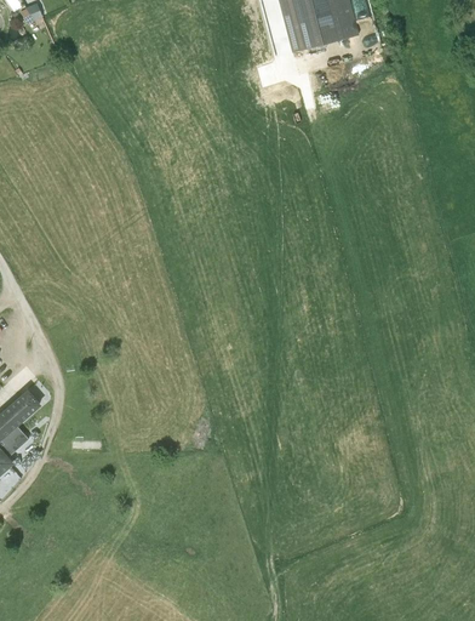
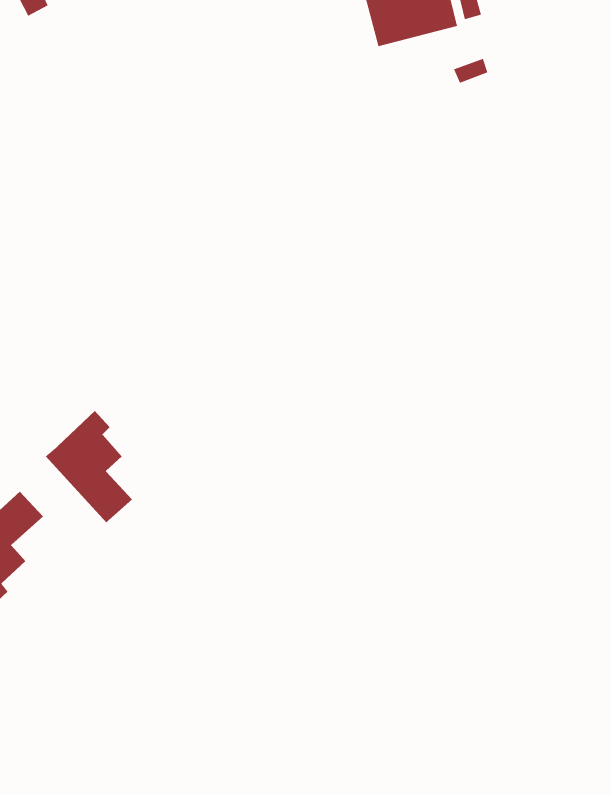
building: none -> [45,410,133,523]

